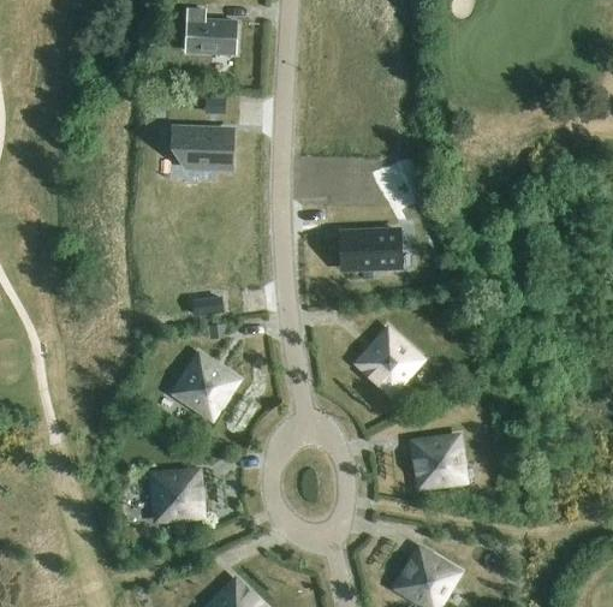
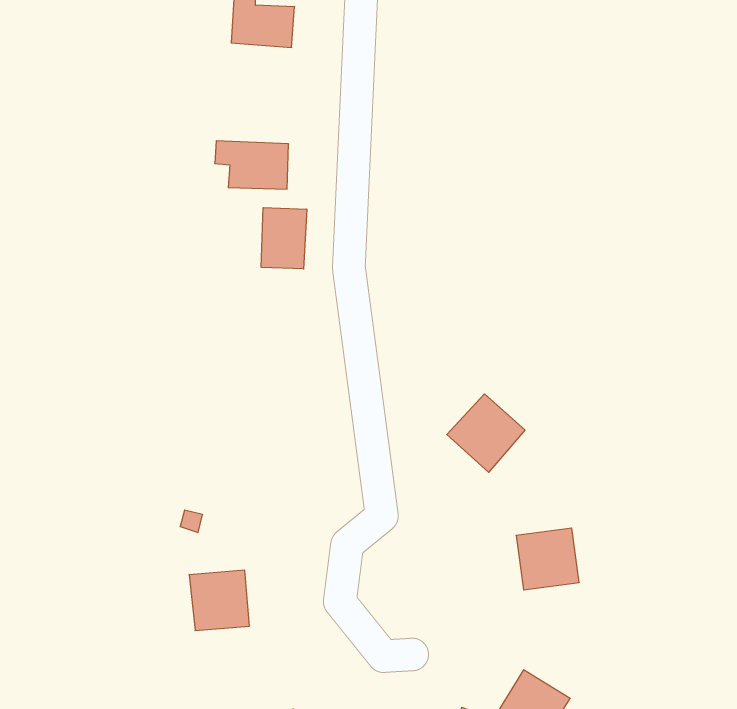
building: none -> [261,208,307,269]
building: [339,232,393,268] -> none
building: [173,355,234,416] -> none

